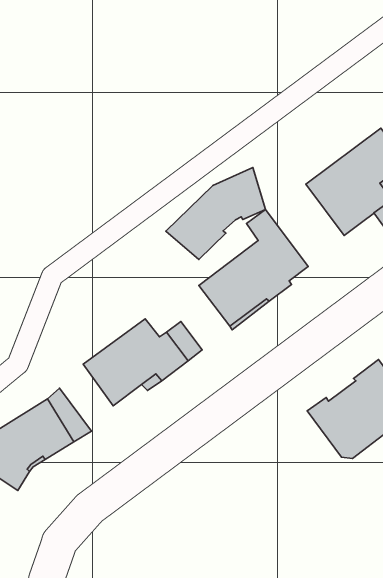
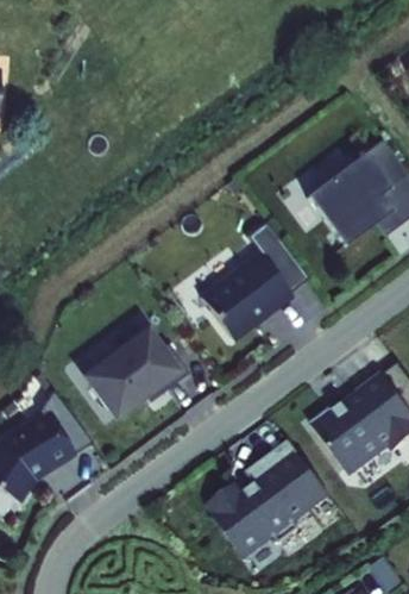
building: [166,167,265,259] -> none
building: none -> [208,439,329,557]

